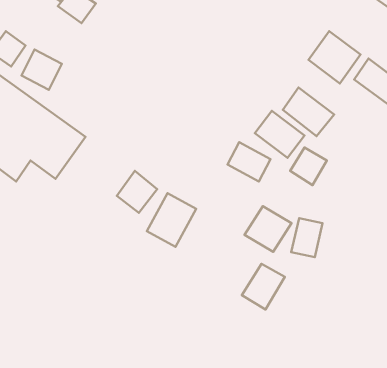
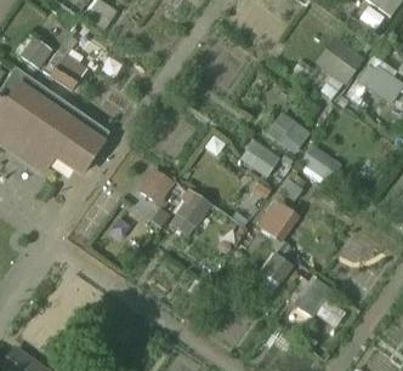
building: [283,87,334,136] -> none
building: [291,218,323,257] -> [299,278,328,314]

